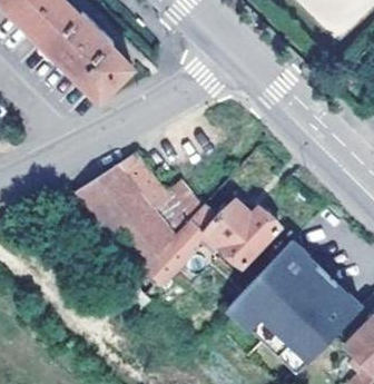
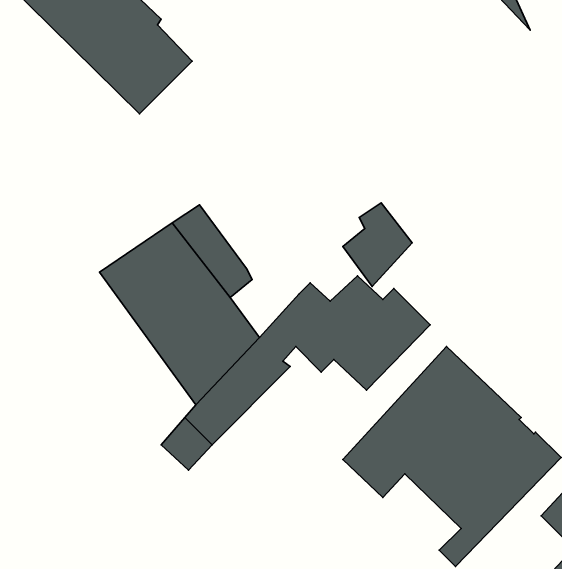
building: [157,185,199,236] -> [343,203,412,287]

